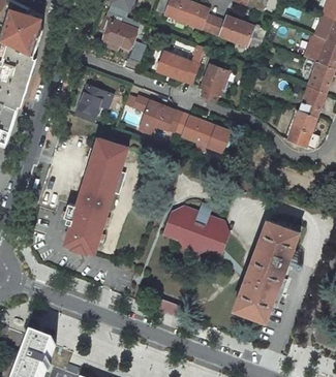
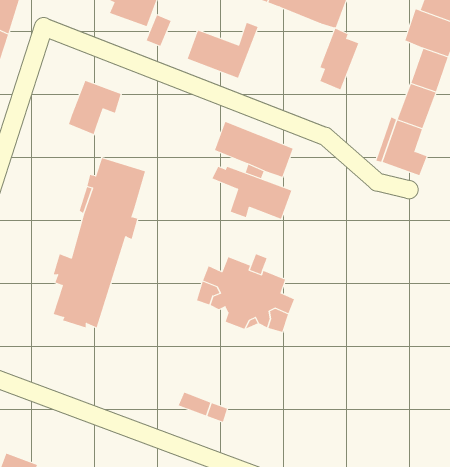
building: [200,60,226,102] -> [320,28,359,90]
building: [126,96,181,132] -> [212,166,292,219]
building: [234,220,299,321] -> none

